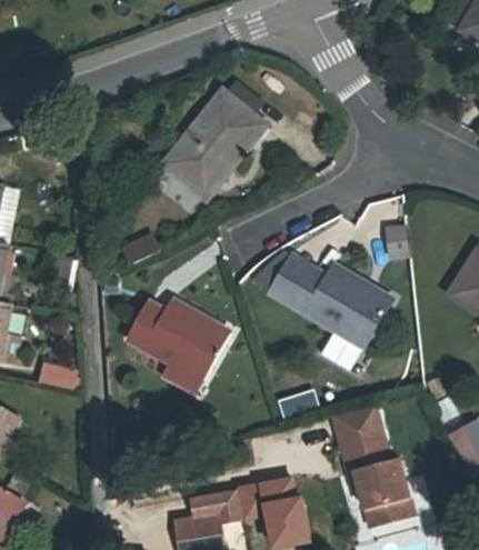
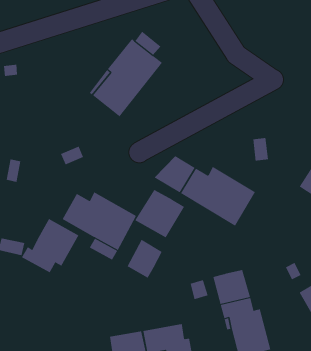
building: none -> [134,189,185,238]
building: none -> [21,218,79,273]
building: none -> [127,239,163,278]

